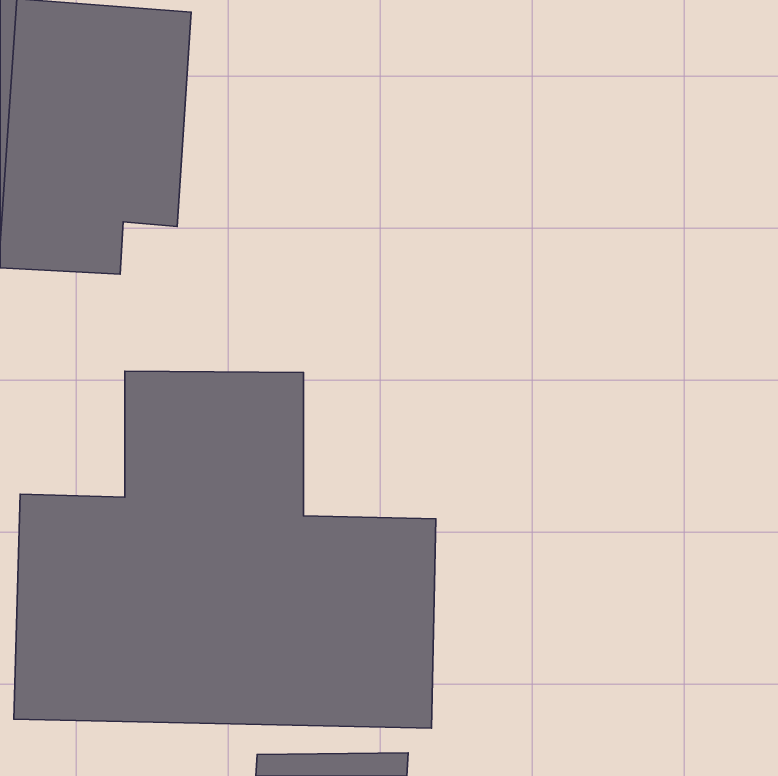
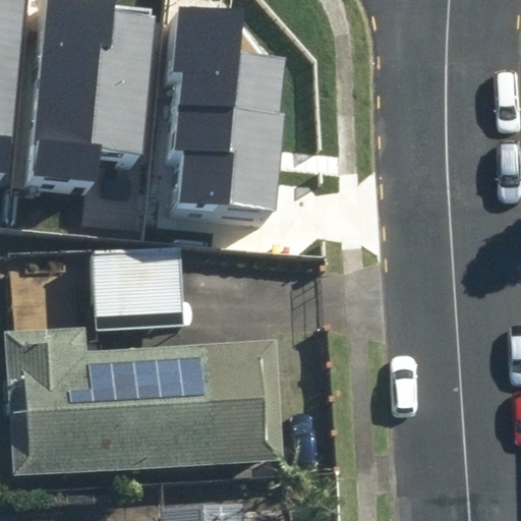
building: none -> [161,16,278,206]

